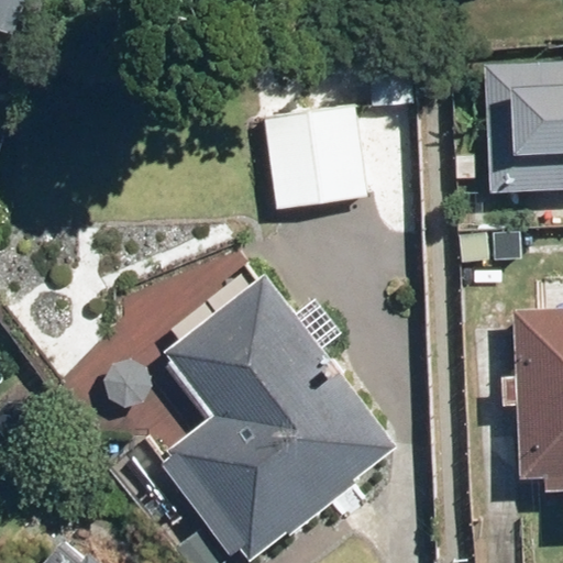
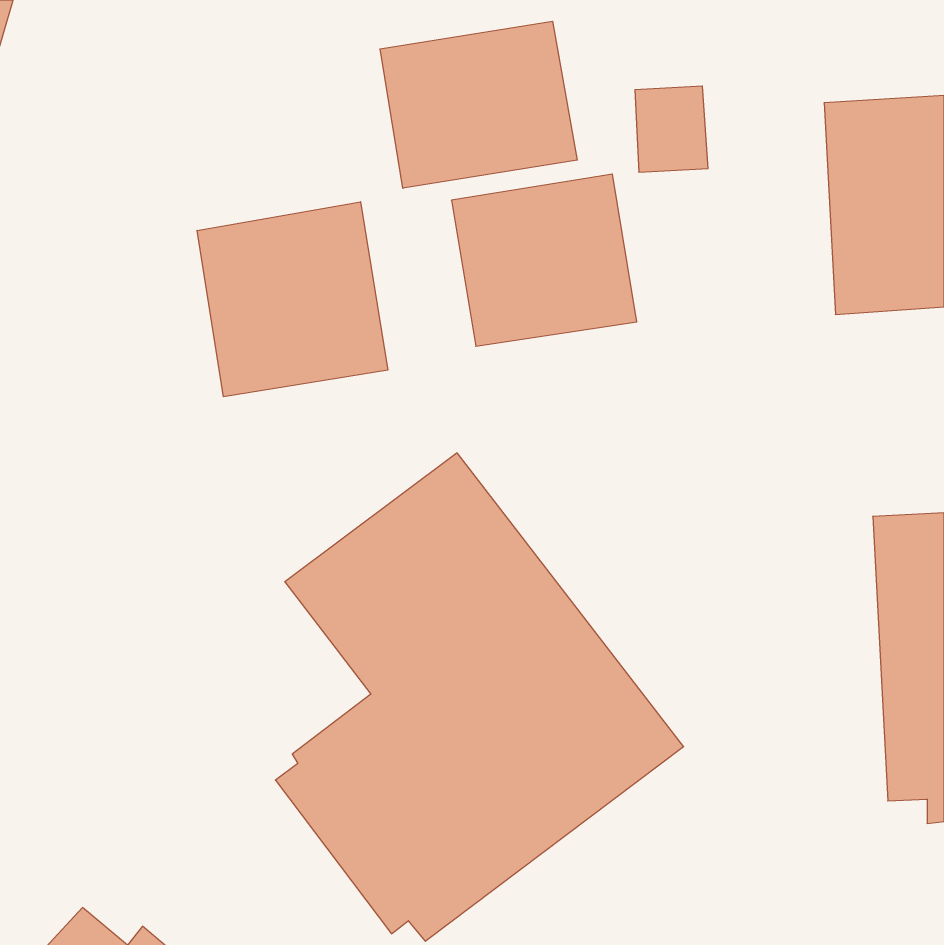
building: none -> [380,21,577,188]
building: none -> [197,202,388,397]

